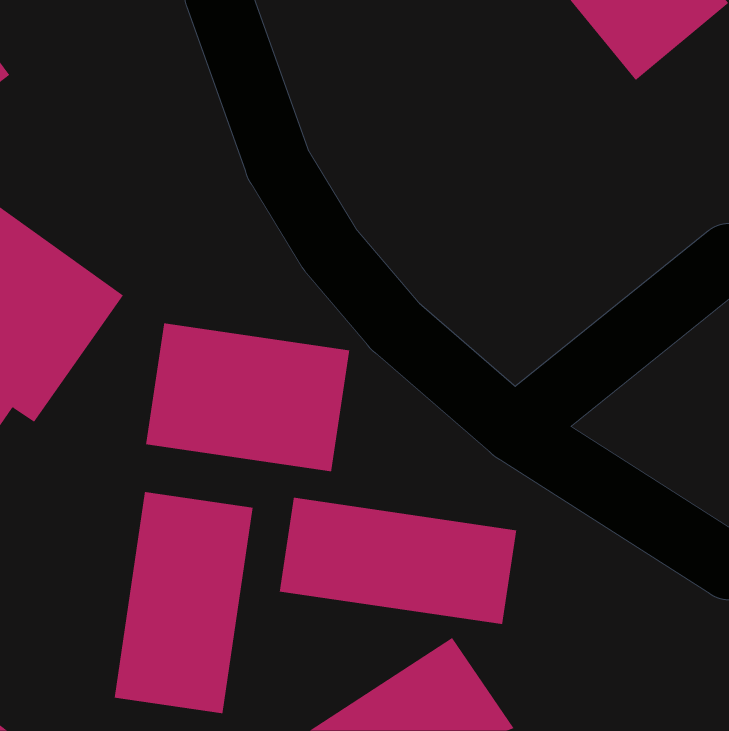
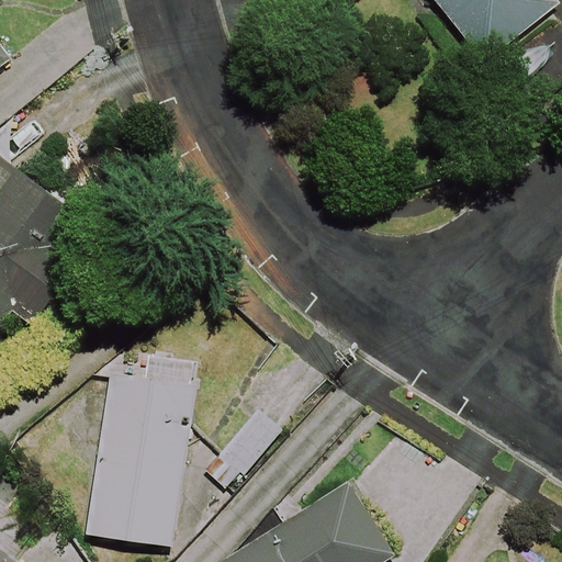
building: [146,323,350,472] -> none
building: [279,497,517,625] -> none

